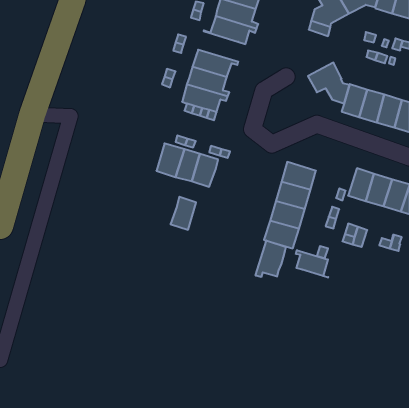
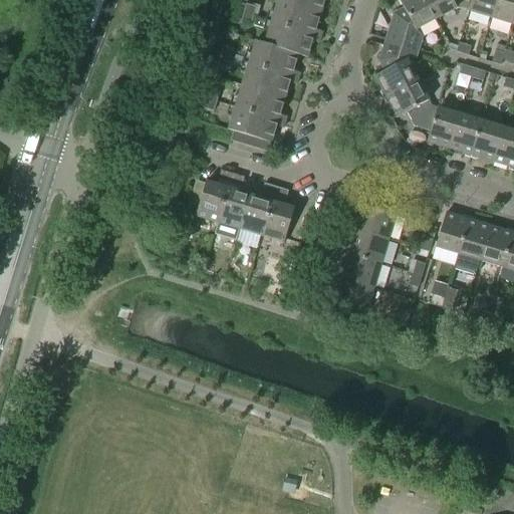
building: none -> [249,39,301,77]
building: none -> [375,43,419,95]
building: [170,197,196,230] -> [263,200,295,241]
building: [256,240,286,277] -> none
building: [296,250,328,278] -> none

